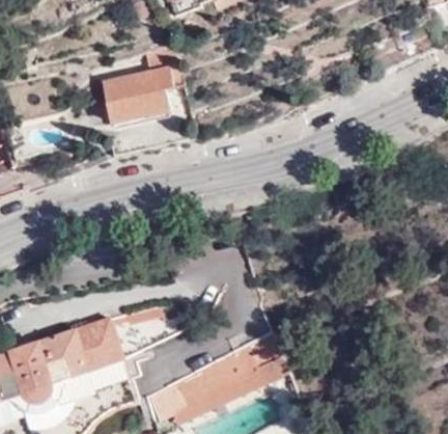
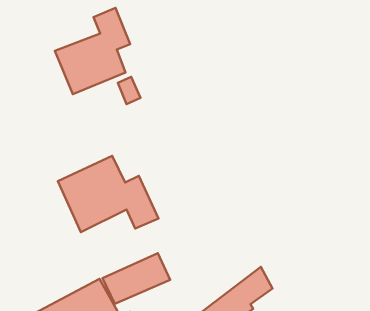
building: none -> [58,156,158,232]

